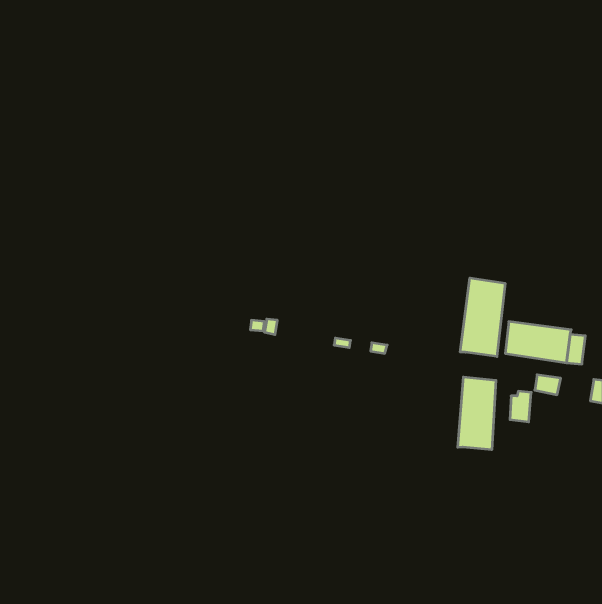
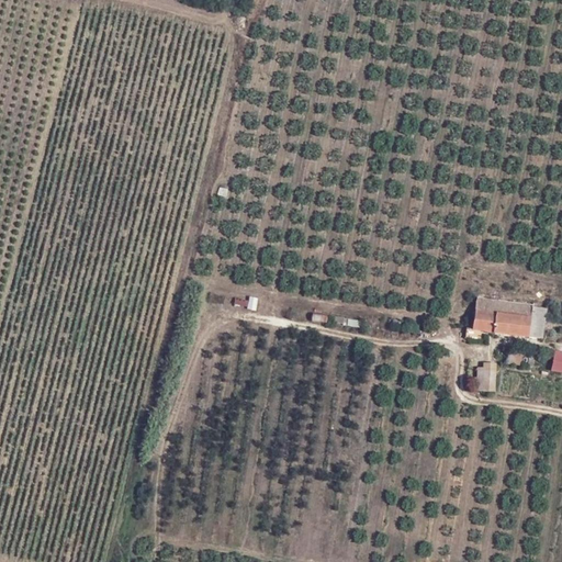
building: [460,278,505,357] -> none
building: [458,377,496,450] -> none

